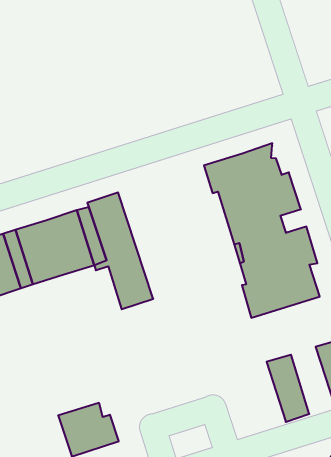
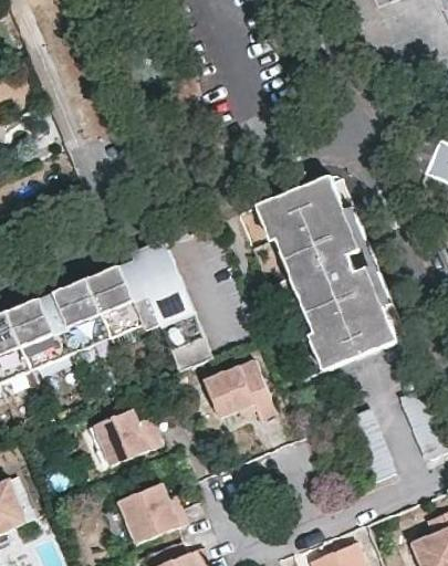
building: none -> [202,357,277,419]
building: none -> [92,406,162,467]

